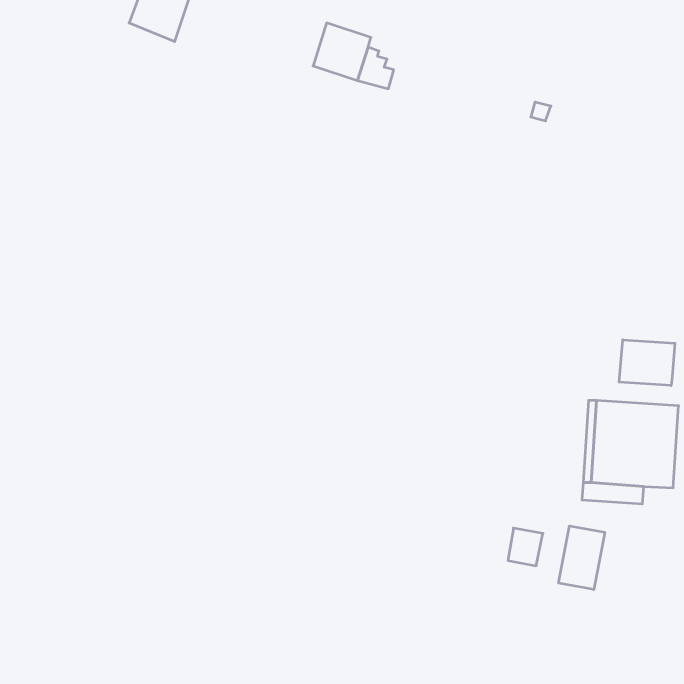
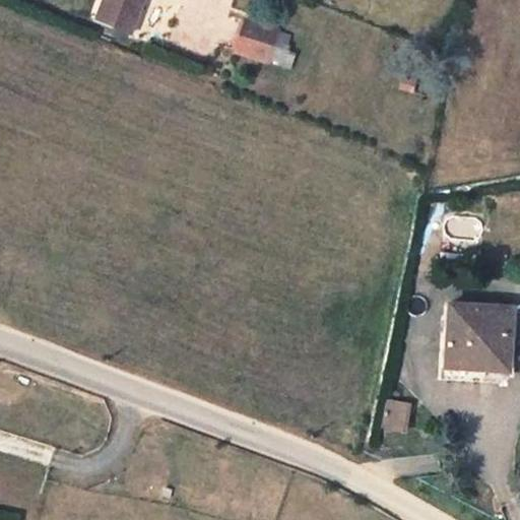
building: [619,340,675,386] -> none
building: [559,526,605,590] -> none

